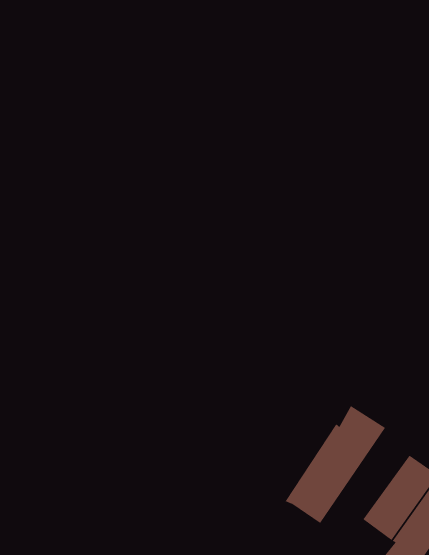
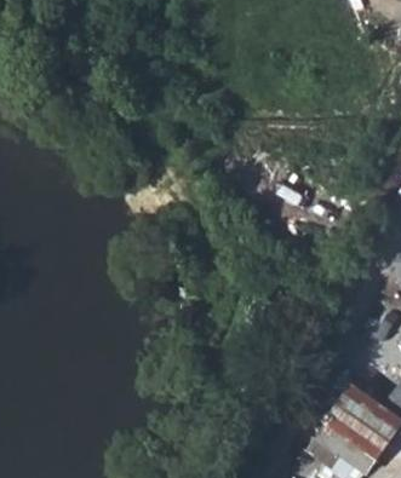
building: [285,405,386,524] -> none

